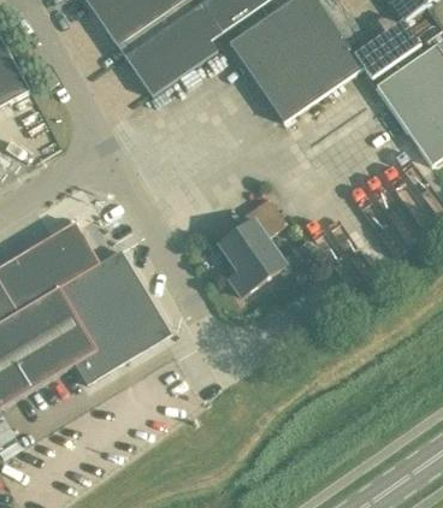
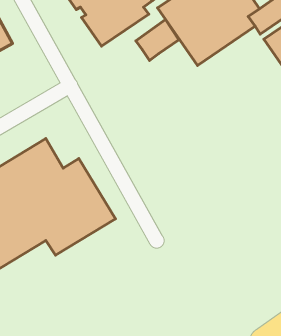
building: none -> [136,20,179,60]
building: [218,197,287,296] -> none

